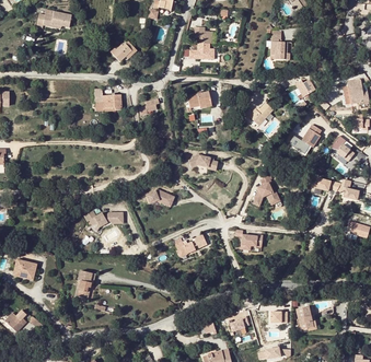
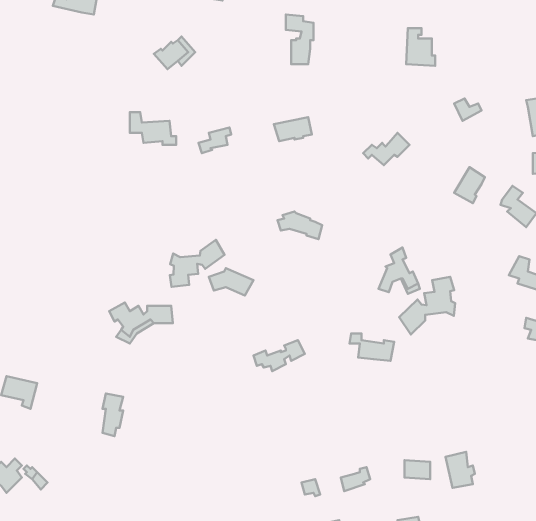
building: none -> [170,240,224,287]
building: none -> [399,277,455,334]

